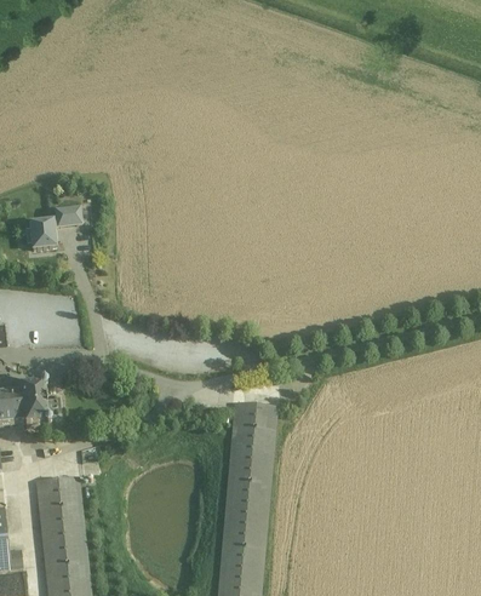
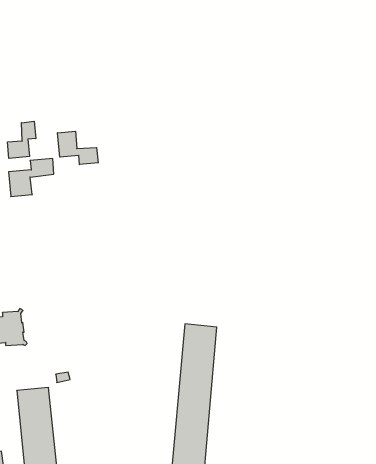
building: none -> [8,121,36,158]
building: none -> [58,131,98,165]

